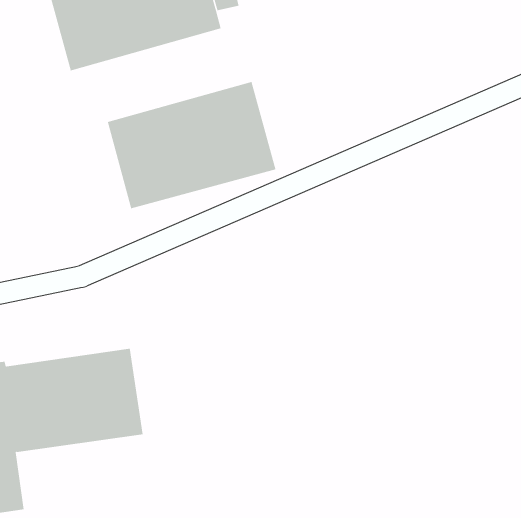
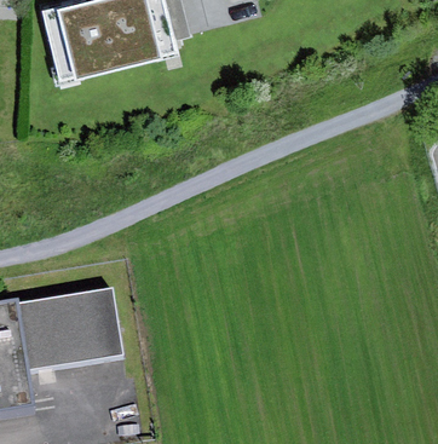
building: [107,81,276,209] -> none

